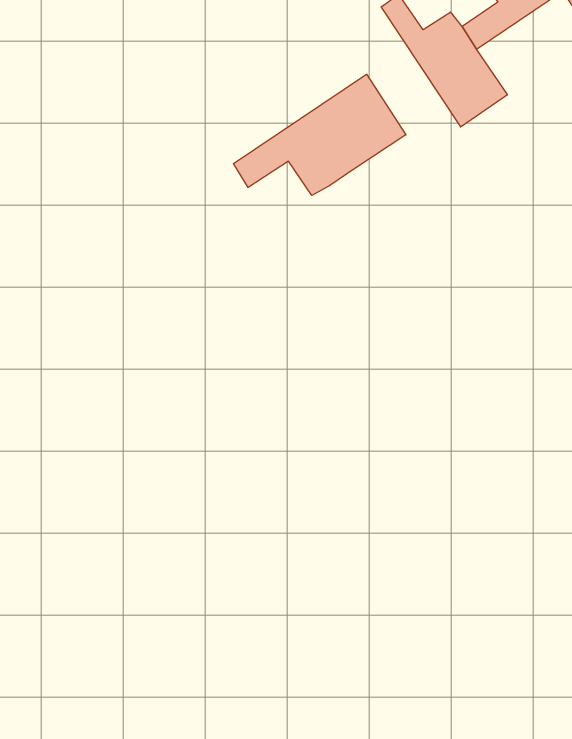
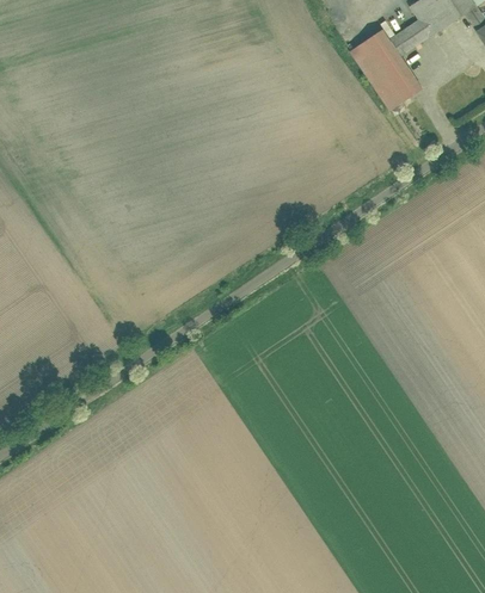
building: [233,74,406,195] -> none

